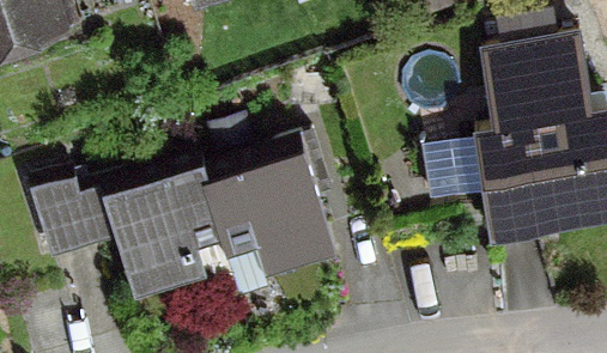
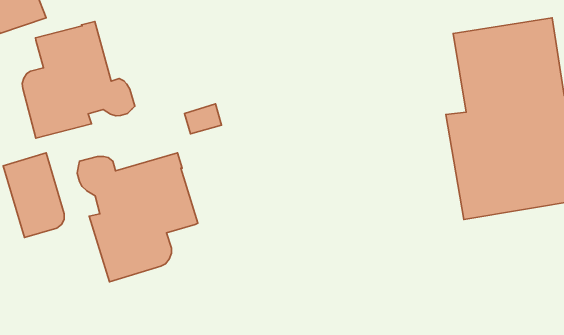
building: none -> [22,21,135,138]
building: [206,130,332,268] -> none

